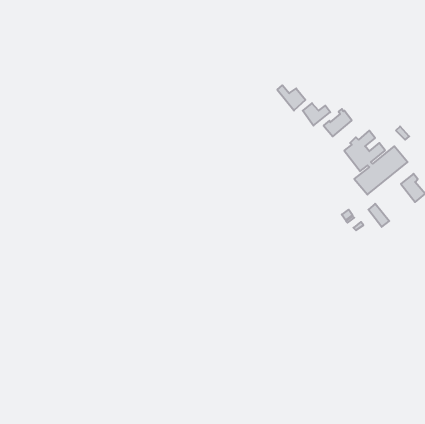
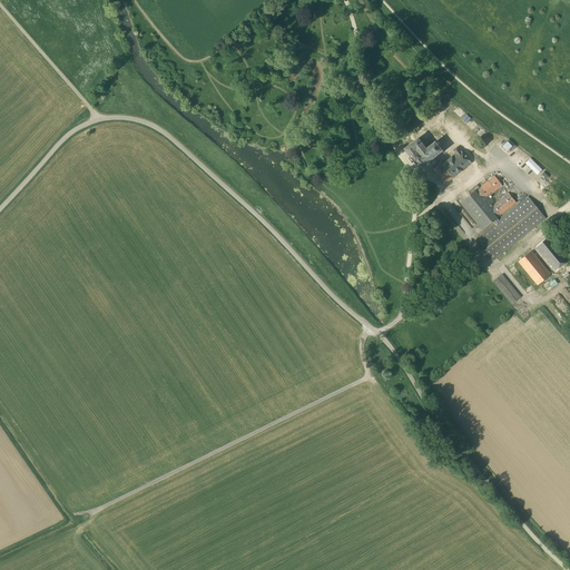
building: [277,85,305,111] -> none
building: none -> [518,250,551,285]

